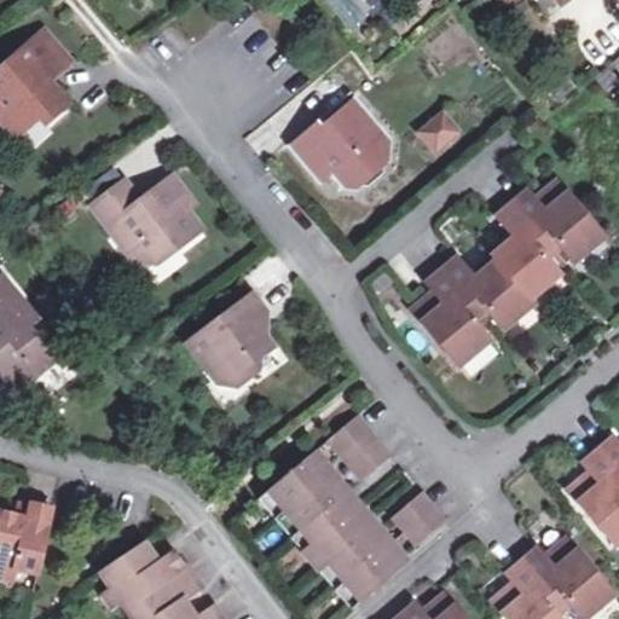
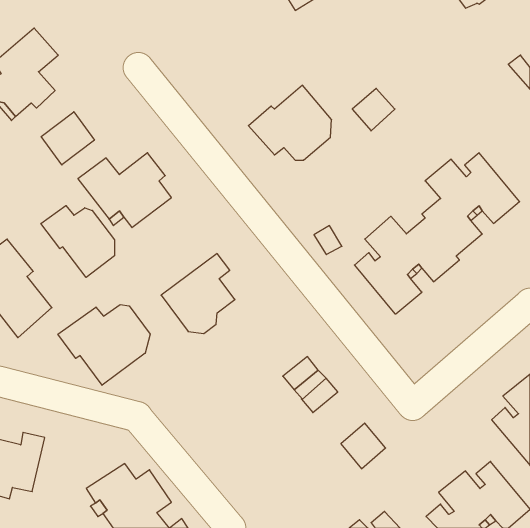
building: none -> [41,112,94,165]
building: none -> [41,206,115,277]
building: none -> [58,305,150,385]
building: [259,450,410,608] -> none

